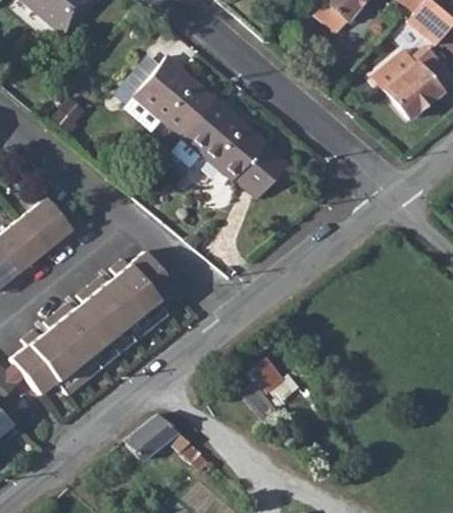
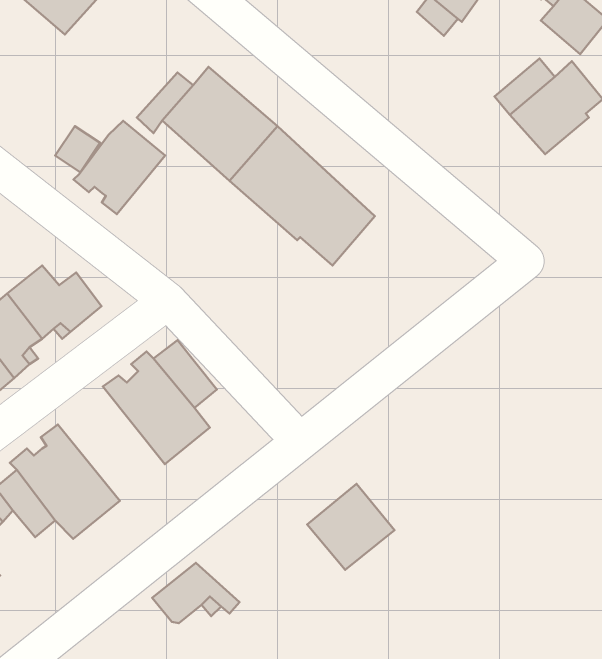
building: none -> [74,121,165,214]
building: [56,287,134,369] -> none

